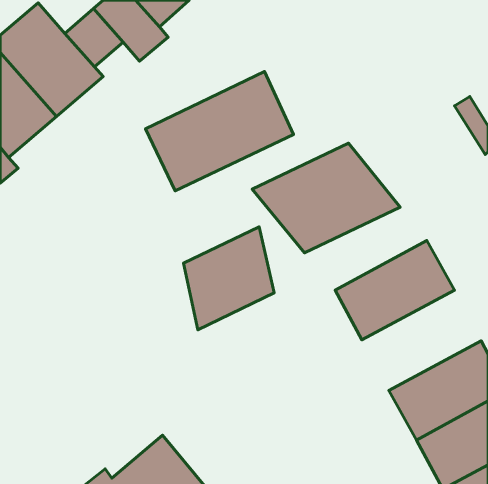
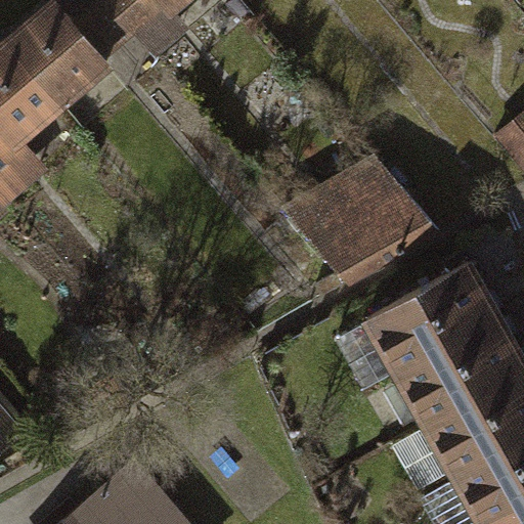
building: [145,71,294,191] -> none
building: [183,227,274,330] -> none
building: none -> [388,315,516,423]

